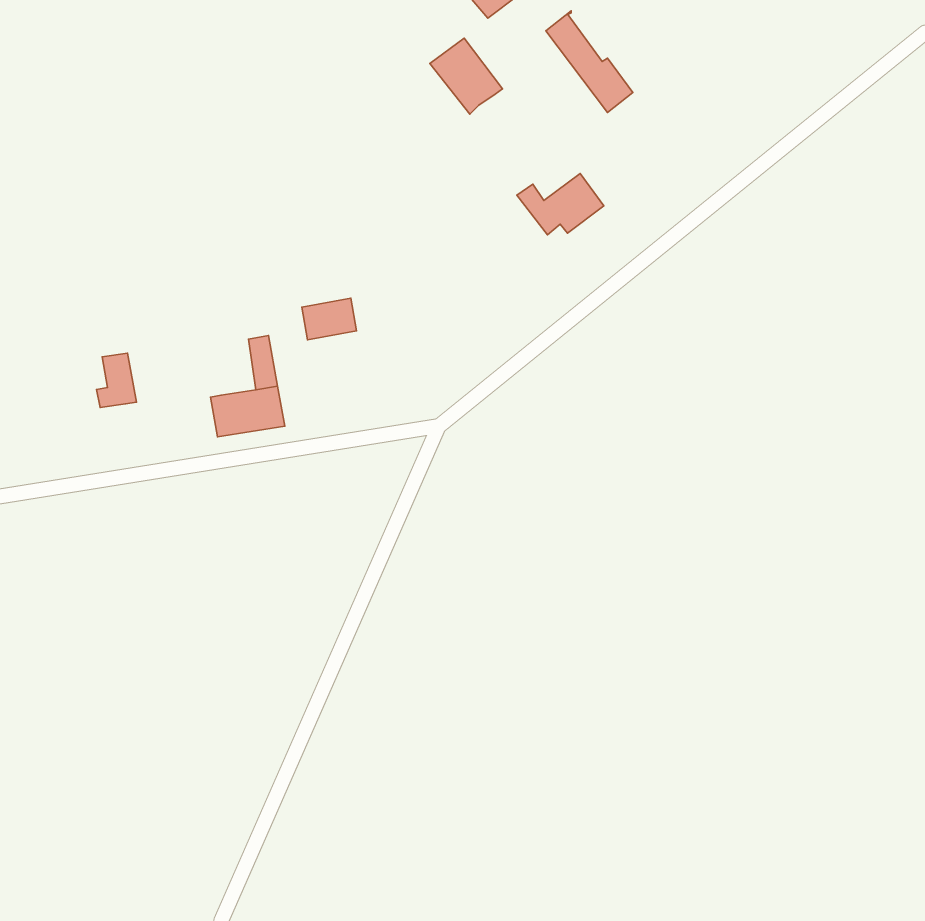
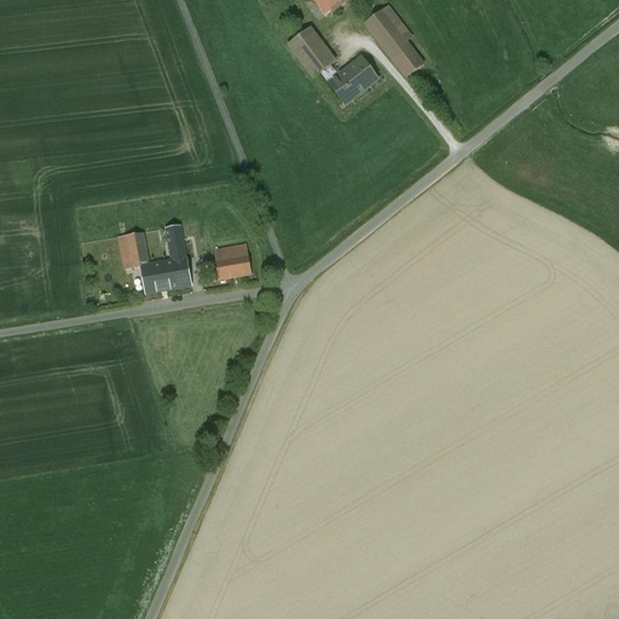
building: [517,173,604,235] -> [319,56,377,97]
building: [302,298,356,340] -> [214,250,250,278]
building: [97,353,137,408] -> [121,231,147,267]

